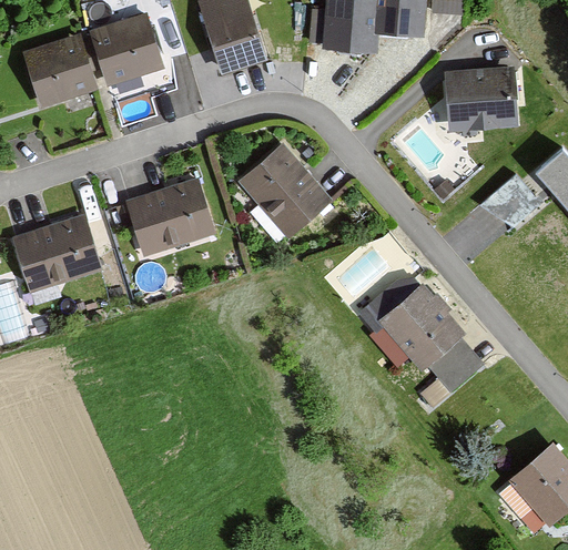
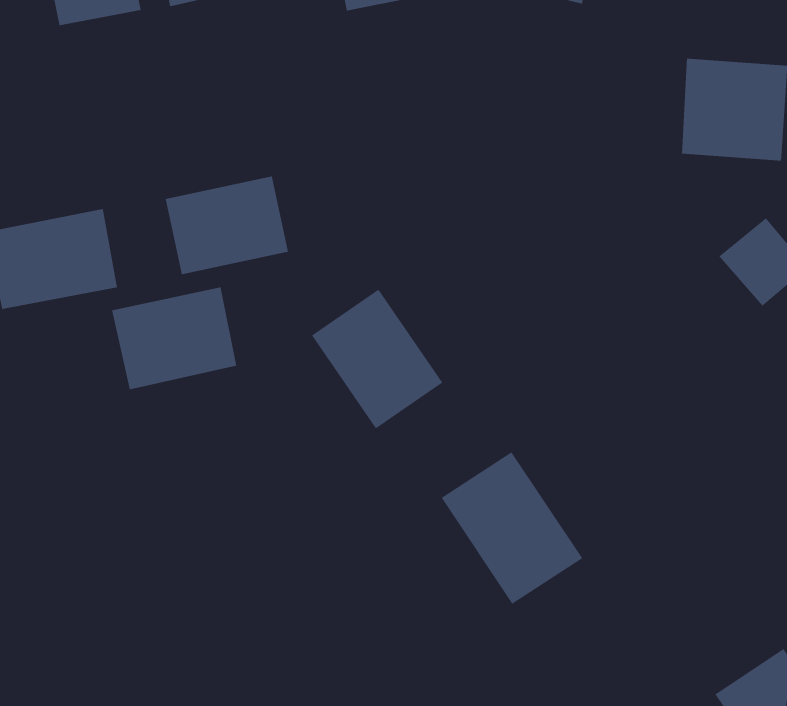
building: [240,145,328,236] -> [311,289,443,429]
building: none -> [111,287,237,390]
building: [382,286,478,385] -> [441,452,583,605]

